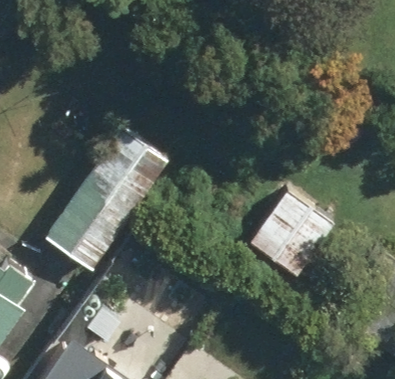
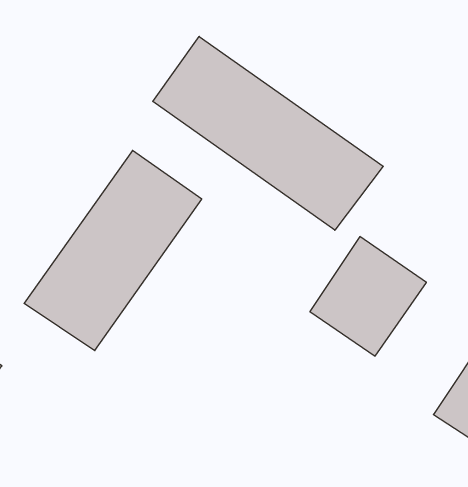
building: none -> [153,36,383,230]

